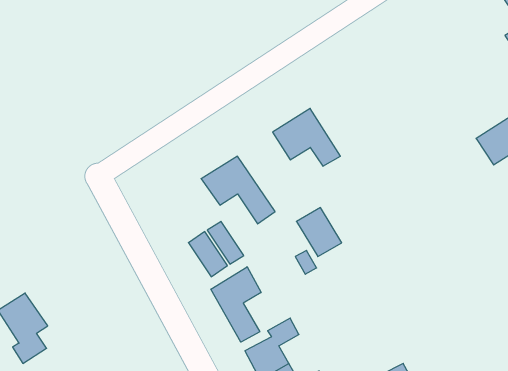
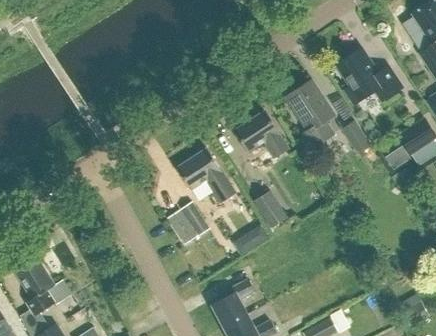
building: none -> [335,48,401,105]
building: none -> [286,80,335,151]
building: none -> [341,120,371,154]
building: [211,267,261,342] -> none

